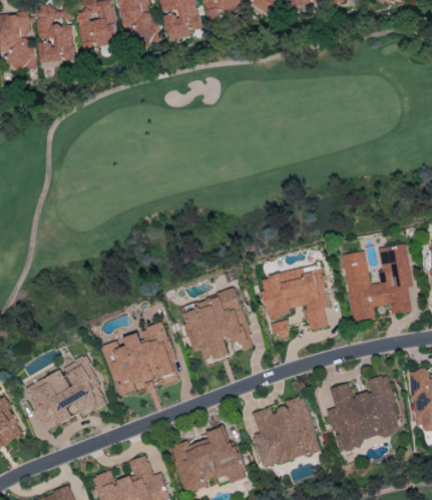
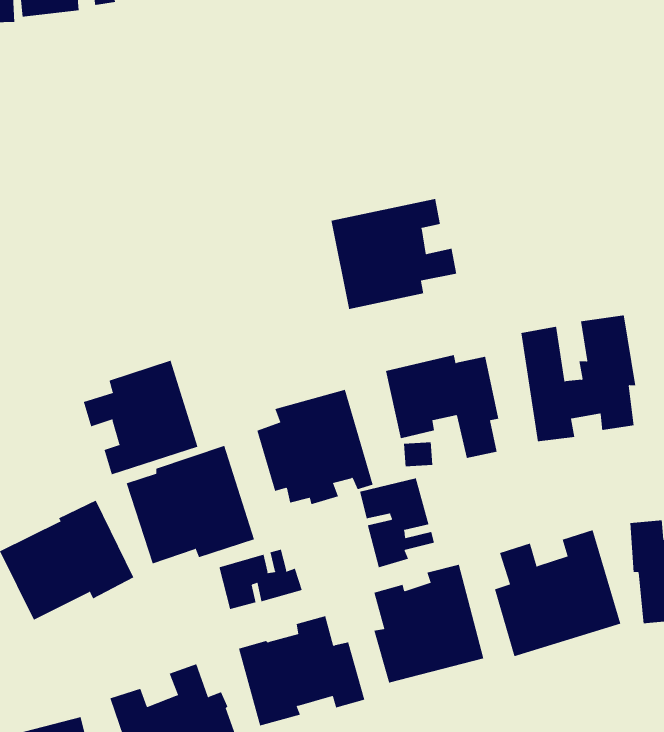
building: none -> [331,198,457,310]
building: none -> [83,360,198,475]
building: none -> [359,477,434,568]
building: none -> [219,549,303,610]

